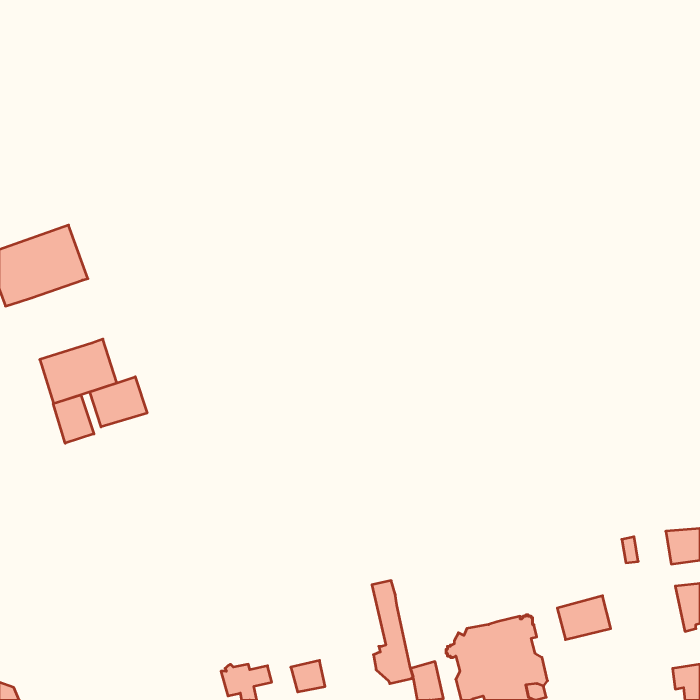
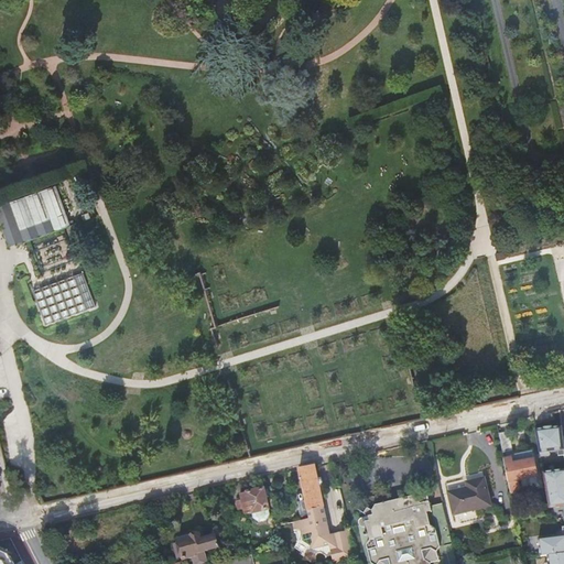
building: [90,377,147,427] -> none
building: [53,395,94,443] -> none
building: none -> [503,457,546,498]
building: [291,660,325,692] -> [240,488,268,513]

